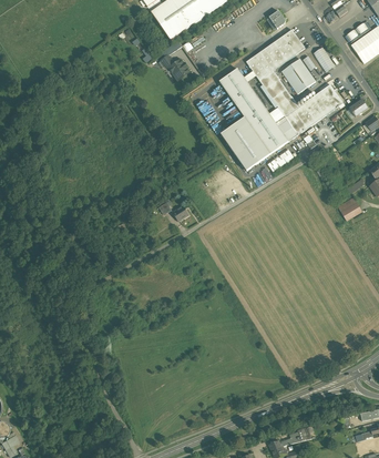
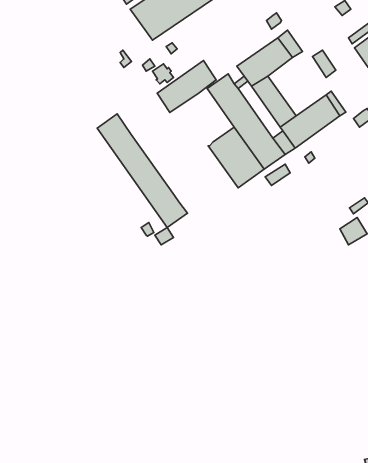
building: none -> [157,60,216,113]
building: [285,58,317,92] -> none
building: none -> [97,114,188,228]

